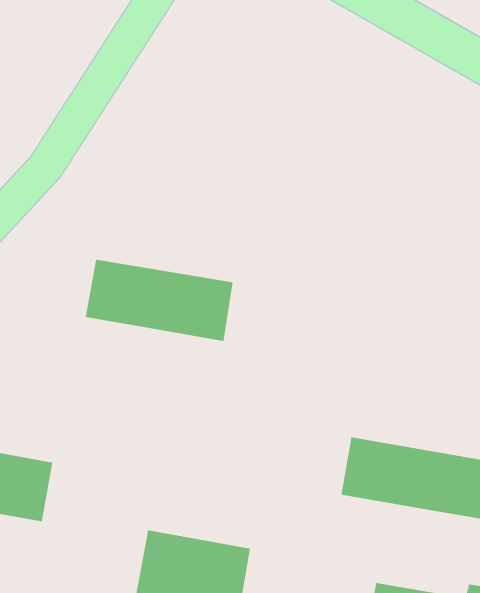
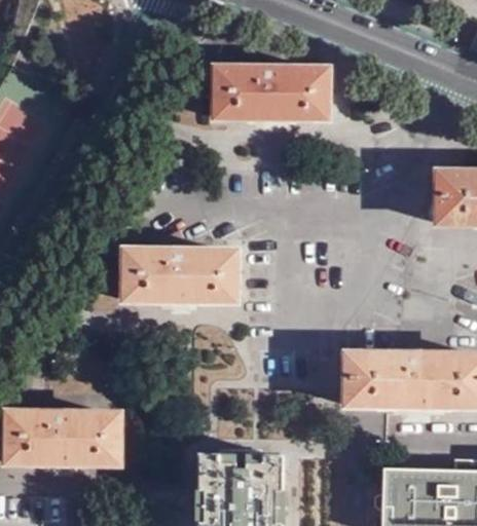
building: none -> [216,69,326,118]

